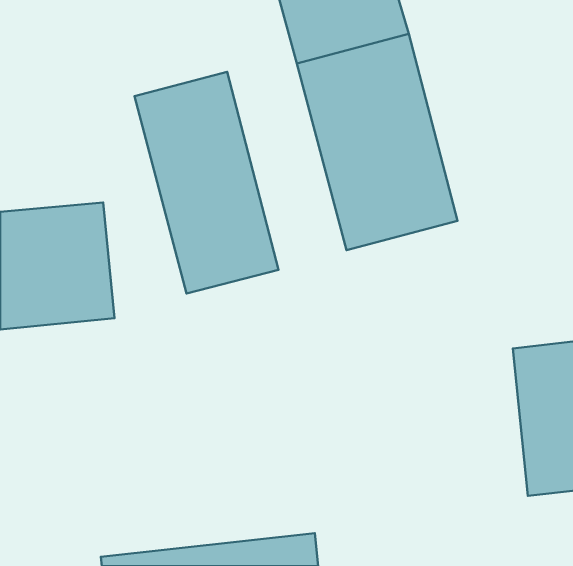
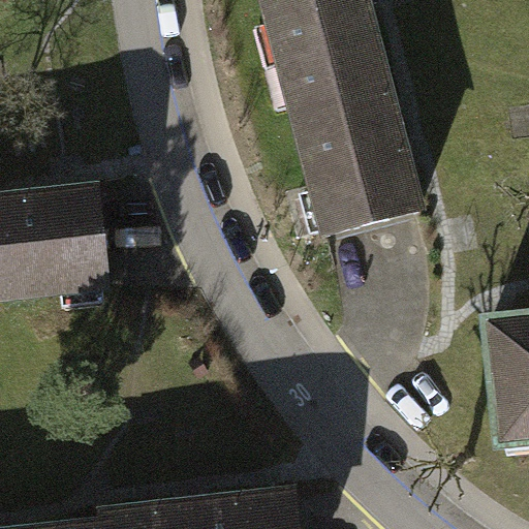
building: [134,72,278,294] -> none

